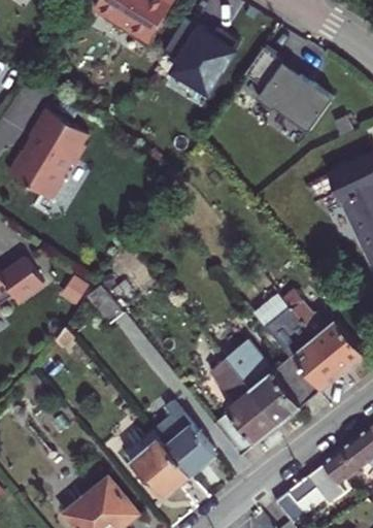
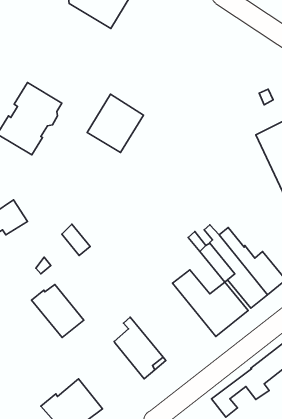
building: [165,29,235,101] -> [87,94,144,153]
building: [246,47,334,131] -> none
building: [209,358,278,456] -> none
building: [125,432,190,498] -> [31,284,84,338]

